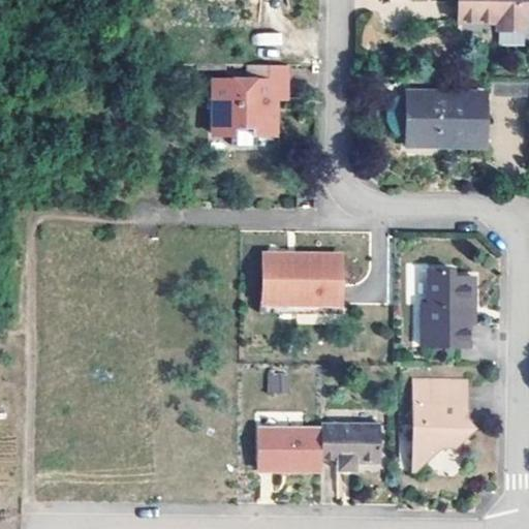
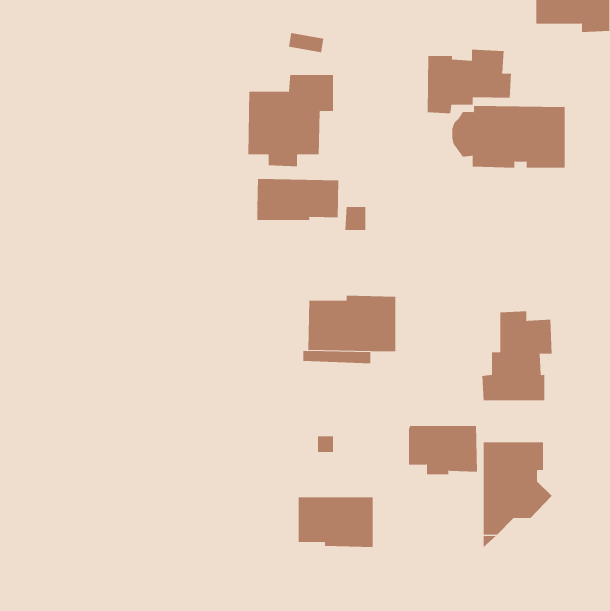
building: none -> [427,49,512,114]
building: none -> [257,178,339,221]
building: [321,425,381,467] -> [408,425,478,475]

